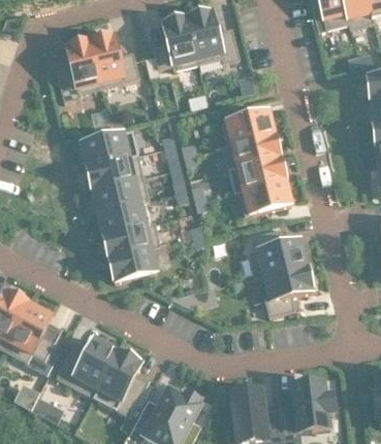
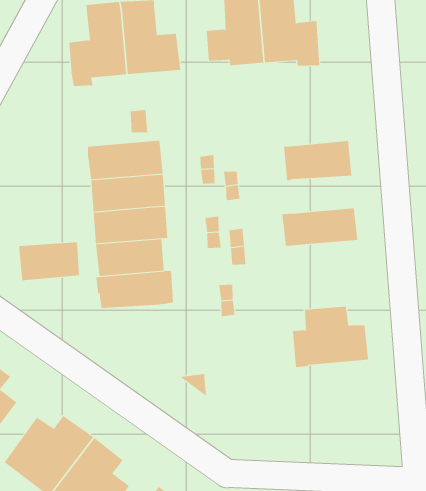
building: [222,133,279,169] -> none
building: [239,179,291,214] -> none
building: [108,247,156,281] -> [18,242,80,281]
building: [263,262,317,316] -> none

